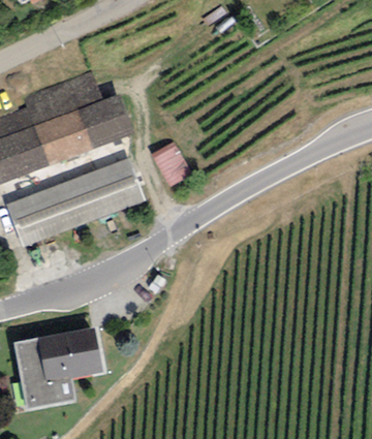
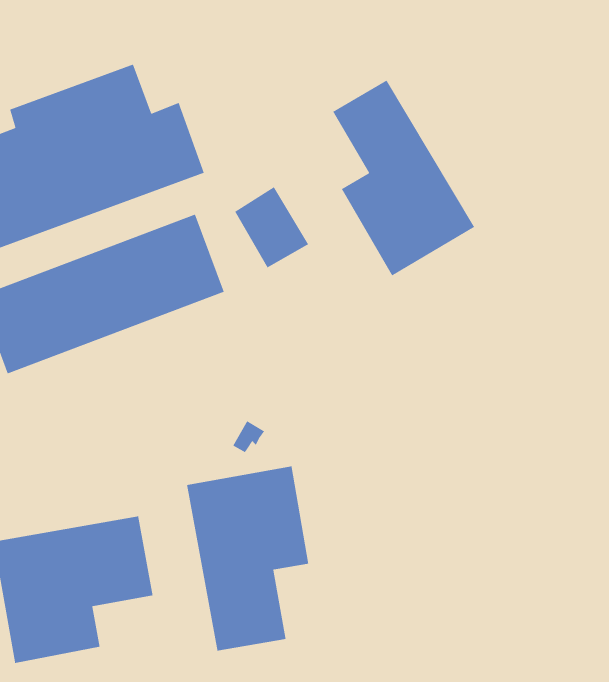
building: none -> [332,79,475,277]
building: none -> [186,465,309,652]

